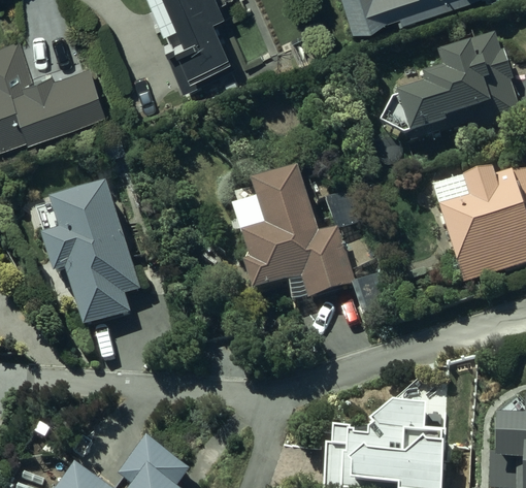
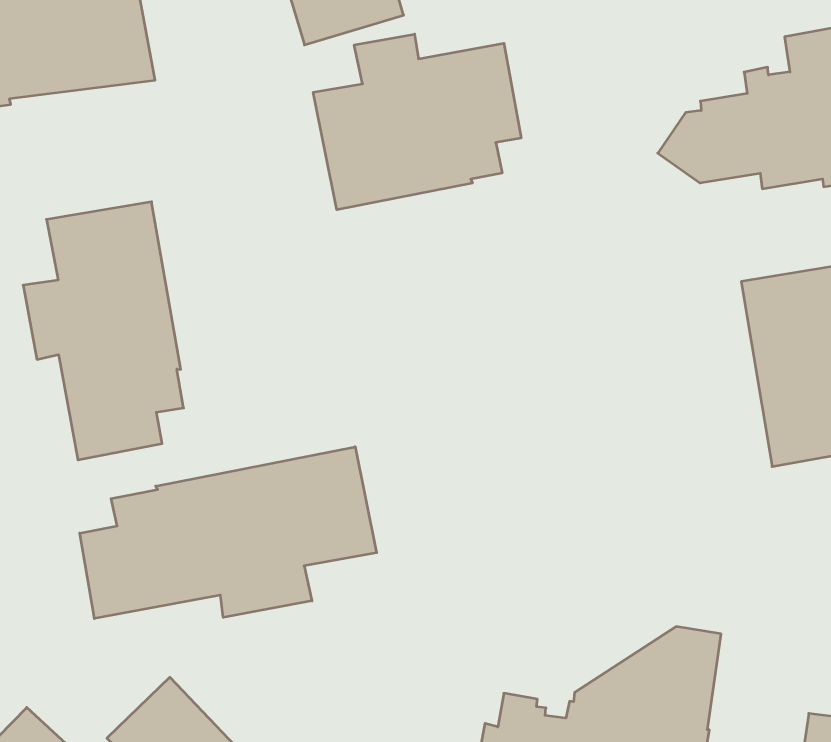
building: none -> [313,34,521,210]
building: [232,164,355,298] -> none
building: none -> [80,447,377,619]

